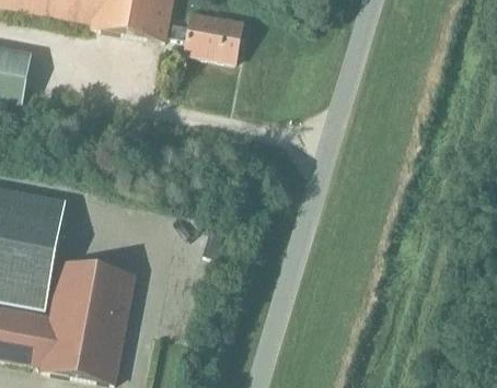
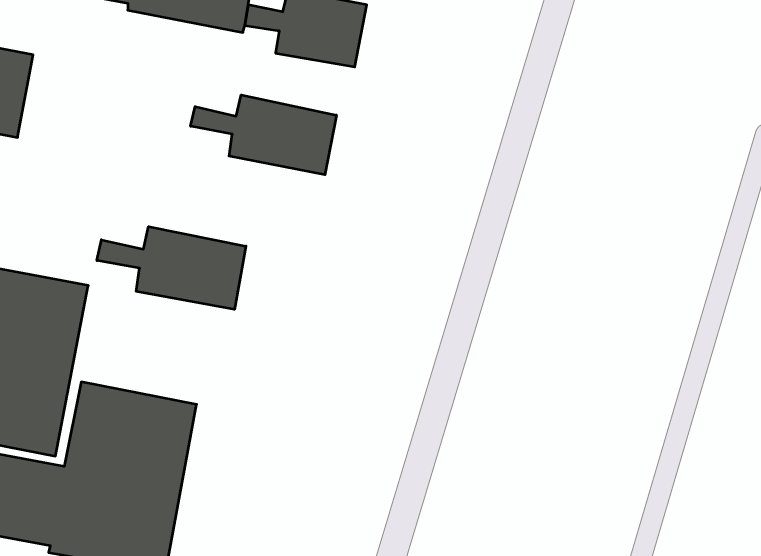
building: none -> [191,95,336,175]
building: none -> [97,227,246,309]

